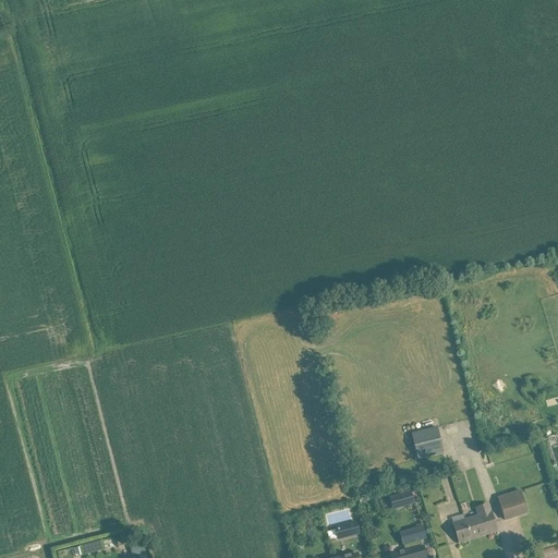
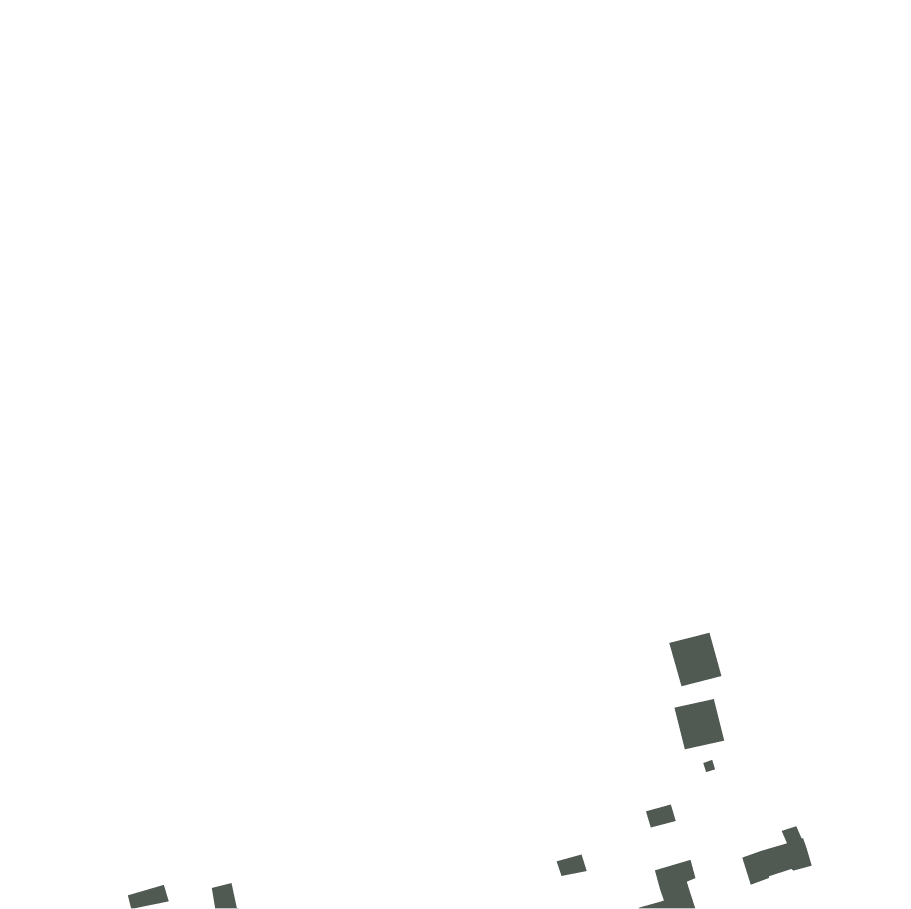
building: none -> [668,632,723,687]
building: [497,489,527,518] -> none

